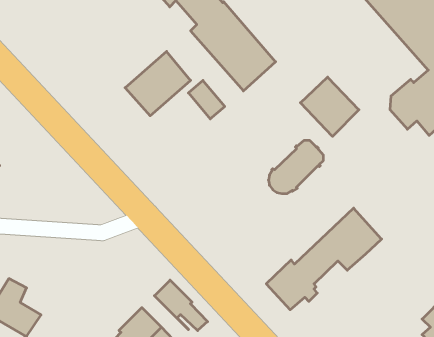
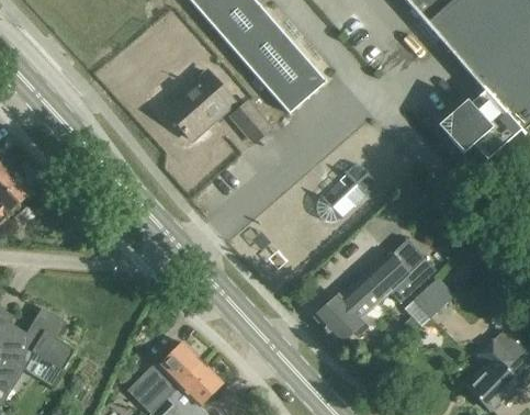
building: [300,77,359,136] -> none
building: none -> [413,278,453,318]
building: [154,280,208,331] -> none

